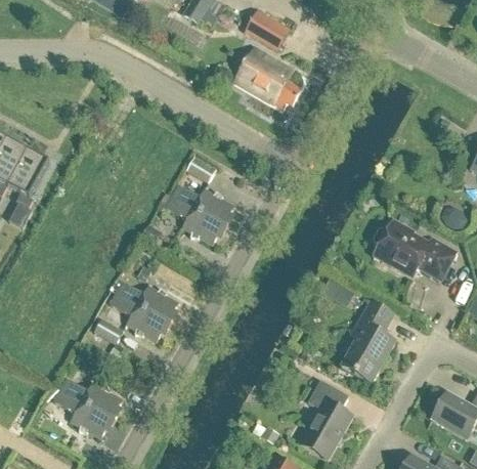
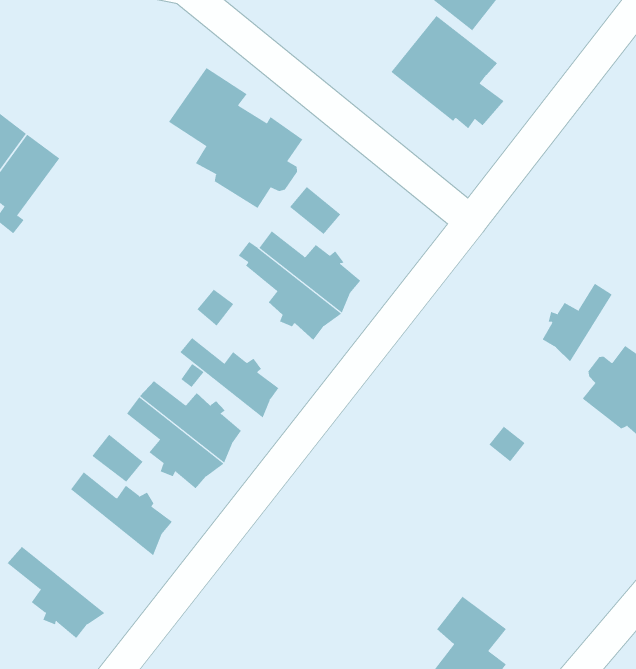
building: none -> [168,67,303,209]
building: none -> [542,283,612,362]
building: none -> [179,337,279,418]
building: [341,301,395,384] -> none
building: [60,379,123,422] -> [70,472,173,556]

